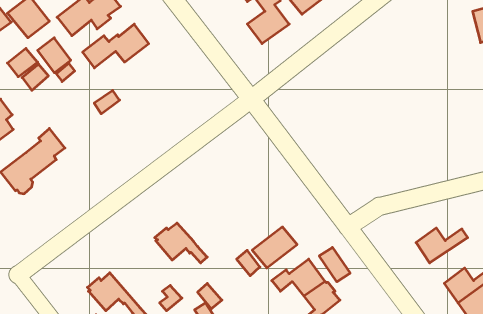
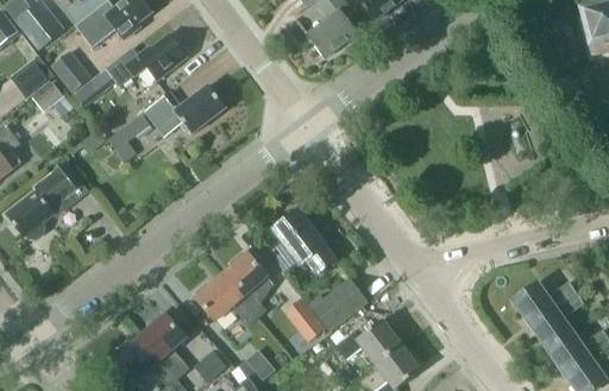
building: none -> [145,83,226,134]
building: none -> [269,209,334,271]
building: none -> [221,250,274,316]
building: none -> [529,292,582,348]
building: [319,247,350,282] -> none
building: none -> [139,311,188,378]

